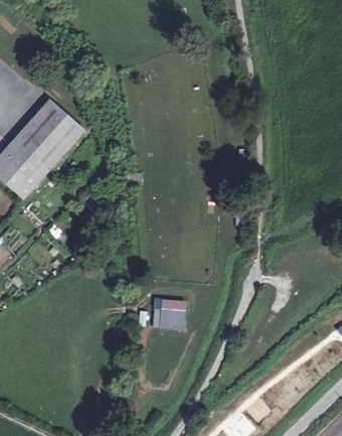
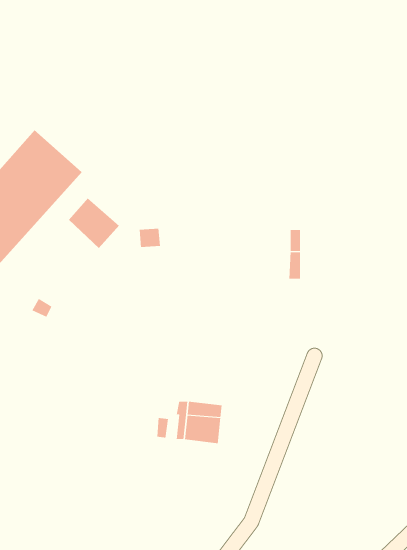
building: none -> [68,197,120,249]

